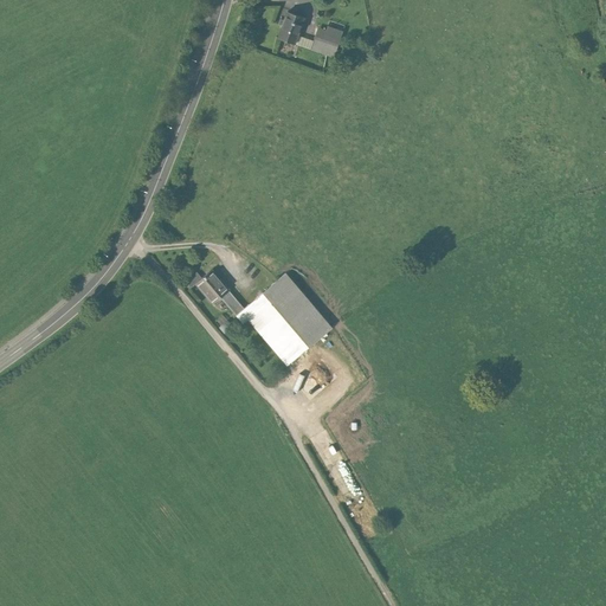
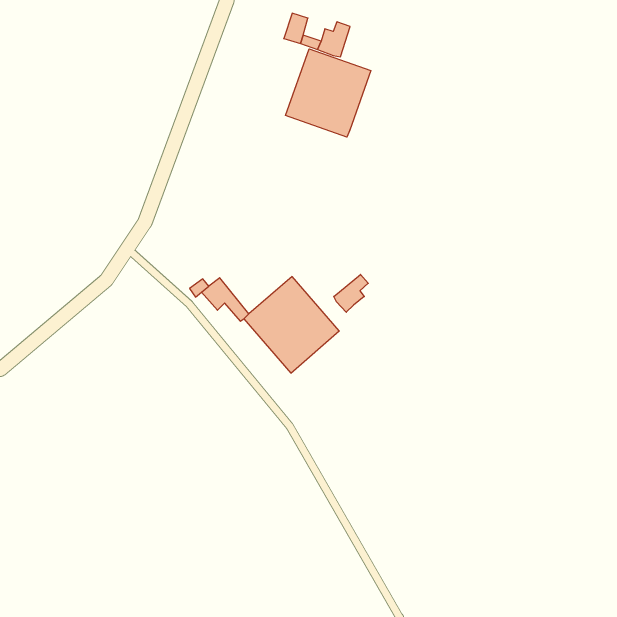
building: none -> [285,49,371,137]
building: none -> [334,274,368,312]

